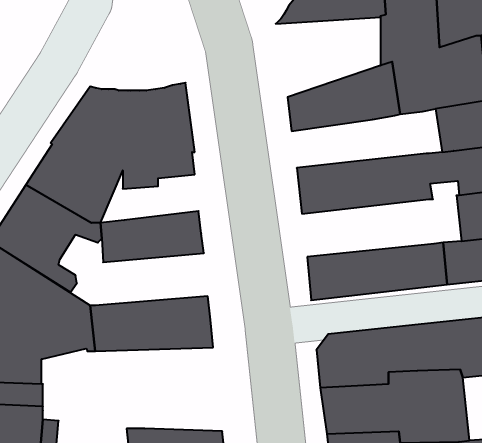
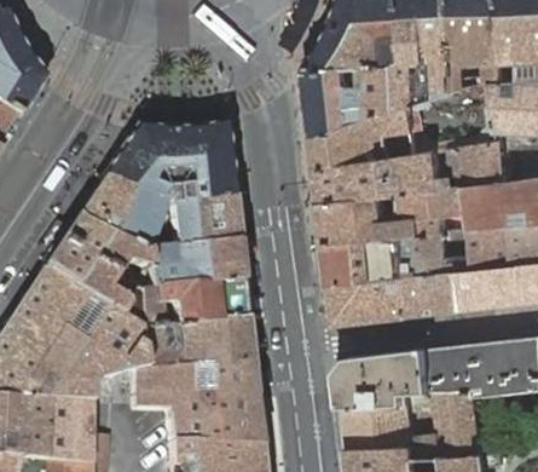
building: none -> [308,64,405,138]
building: none -> [323,151,450,203]
building: none -> [167,209,237,252]
building: none -> [332,232,455,286]
building: none -> [138,282,245,330]
building: none -> [134,369,259,447]

